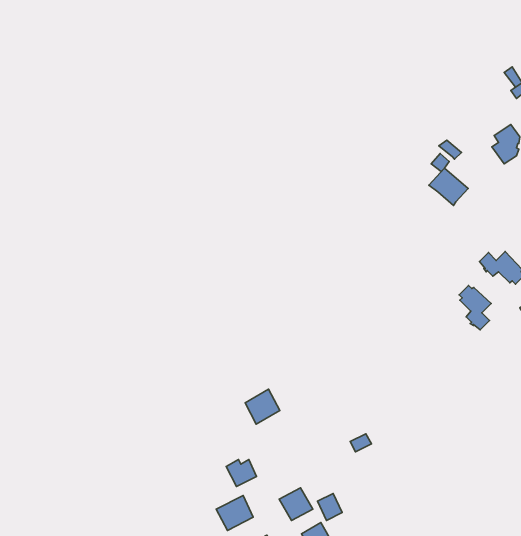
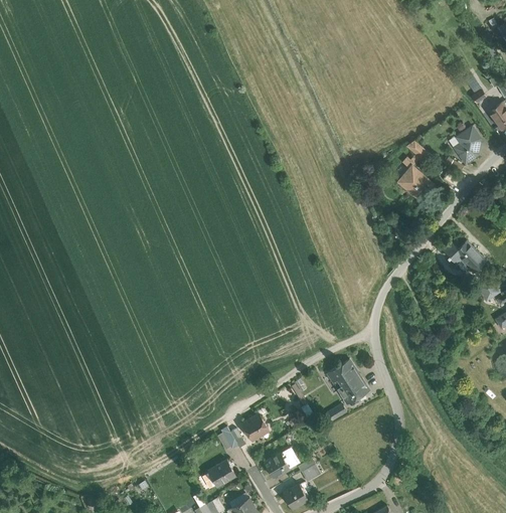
building: [459,285,491,330] -> none
building: none -> [331,358,372,405]
building: [245,389,280,424] -> [239,412,271,444]

